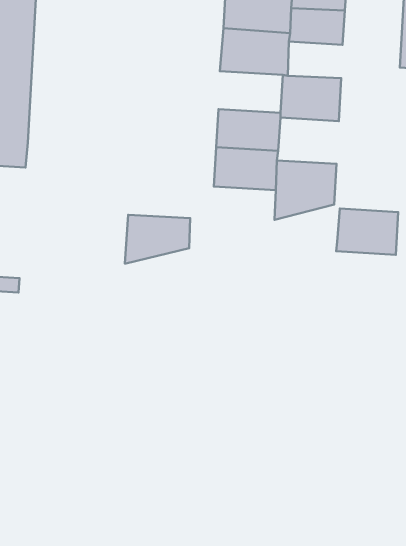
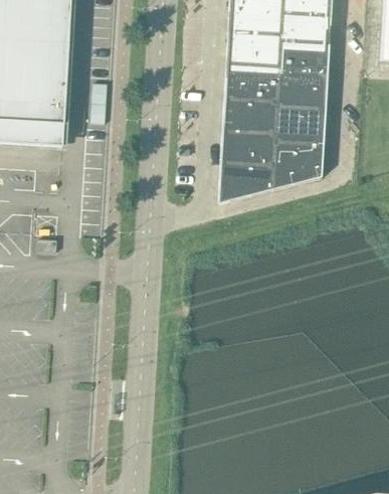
building: none -> [283,38,330,69]
building: none -> [225,63,279,99]
building: [336,208,398,255] -> [274,103,327,142]
building: [125,215,190,264] -> [218,161,273,202]

